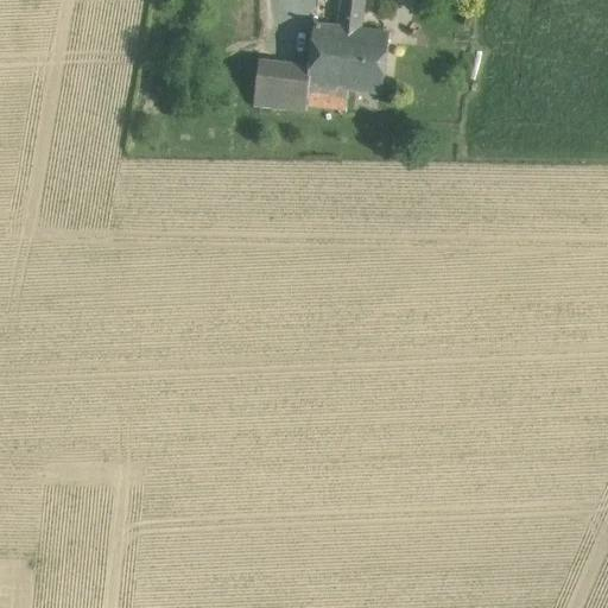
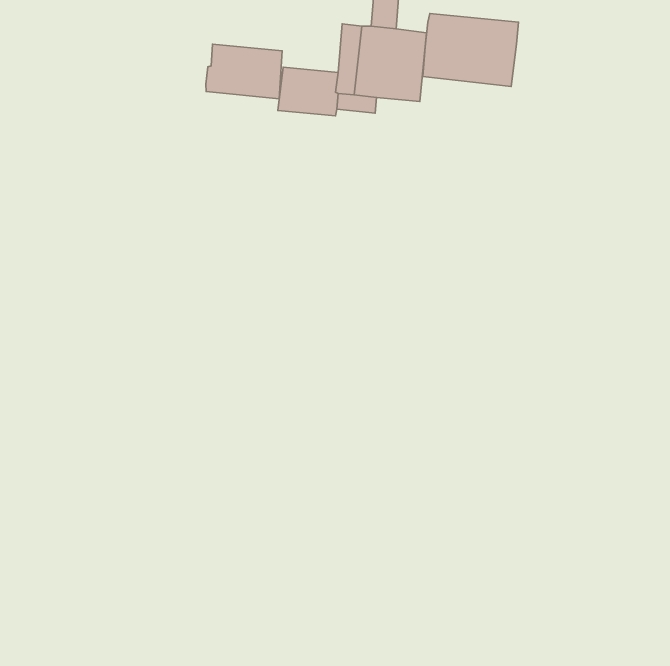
building: none -> [423,13,519,86]
building: none -> [206,44,282,99]

